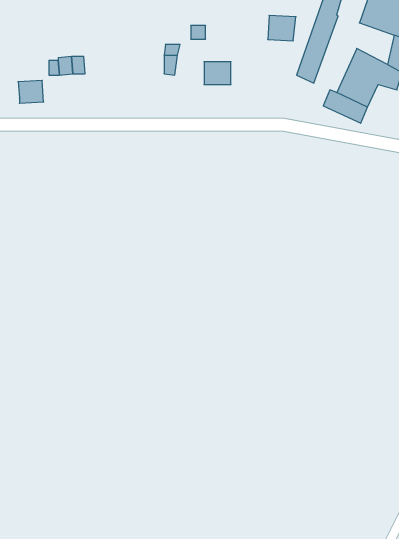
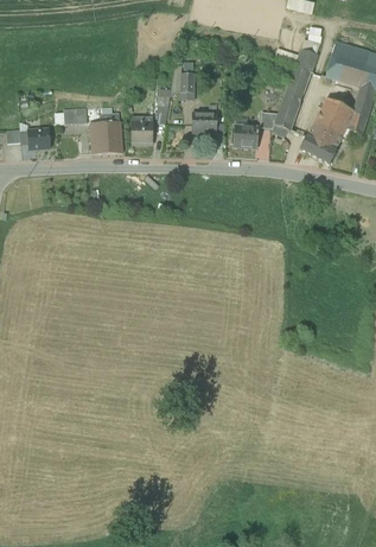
building: [268,15,296,41] -> [234,125,259,147]
building: none -> [90,106,122,152]
building: none -> [130,115,153,142]

